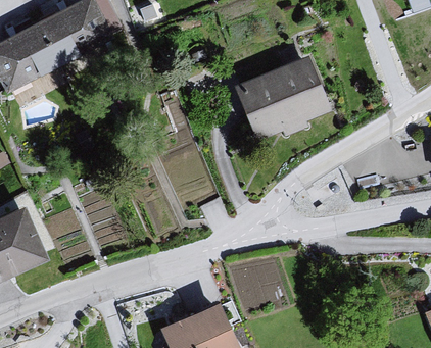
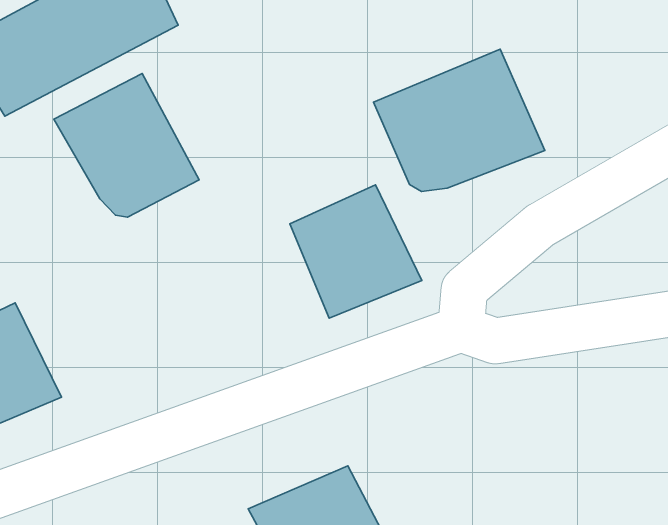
building: none -> [54,74,199,217]
building: none -> [290,185,422,318]

